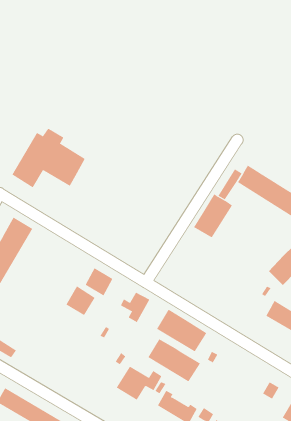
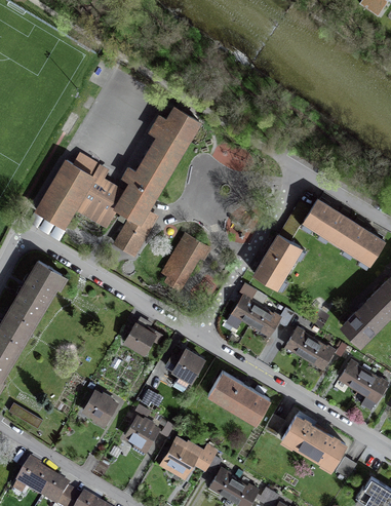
building: none -> [114,109,198,252]
building: none -> [162,235,208,277]
building: none -> [226,290,292,336]
building: none -> [285,328,334,368]
building: [65,286,96,316] -> [80,391,116,427]
building: [148,338,201,382] -> [282,417,346,469]
building: none -> [125,419,157,456]

